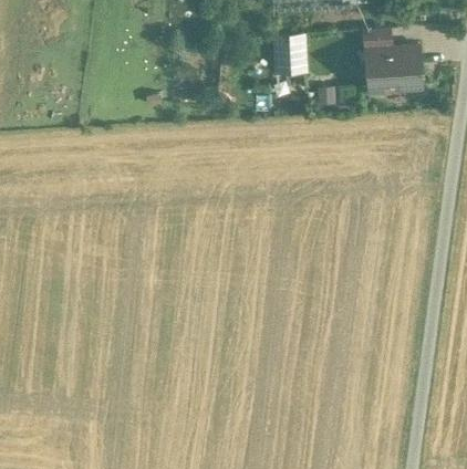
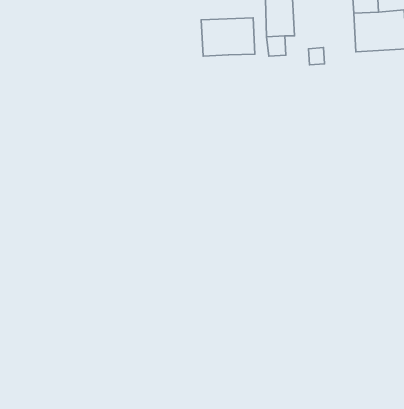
building: none -> [201,18,255,56]

